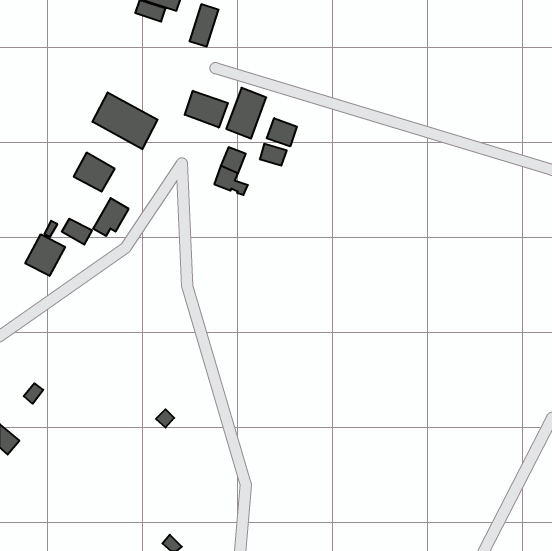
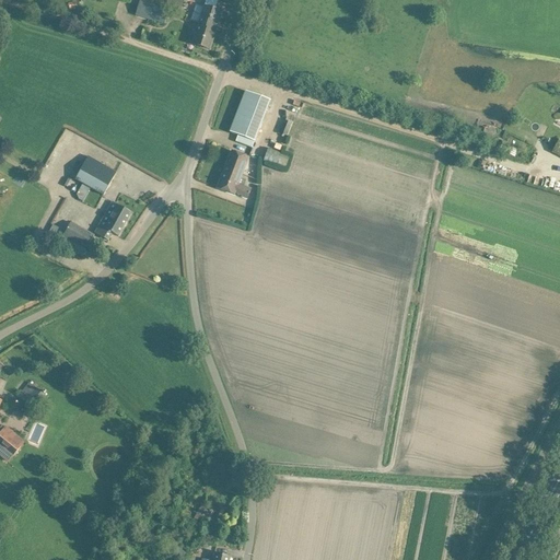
building: [185,91,228,128] -> none
building: [92,92,158,149] -> none
building: [267,118,297,146] -> none
building: [25,234,65,276] -> none

